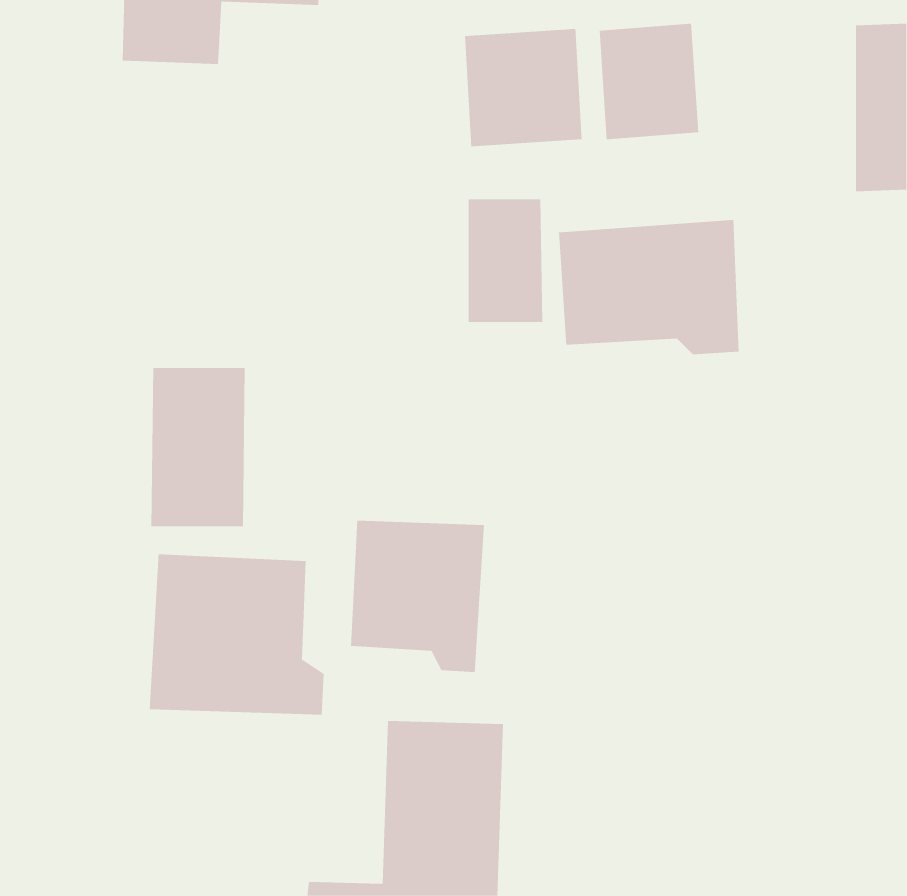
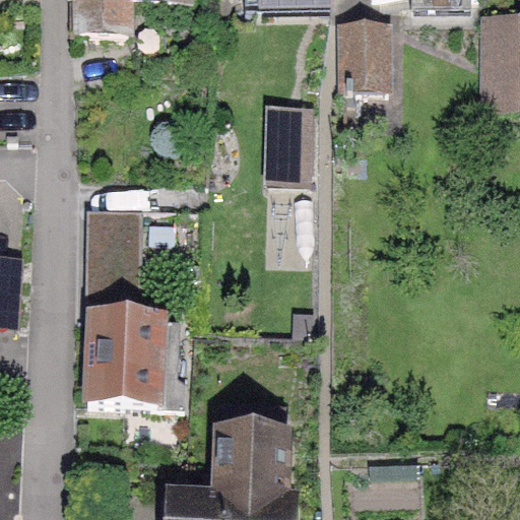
building: [464,28,582,147] -> none
building: [558,219,739,355] -> none
building: [351,520,485,673] -> none

